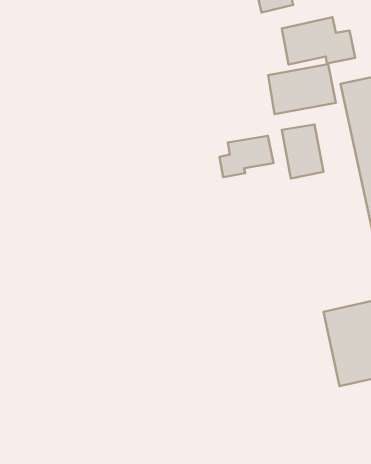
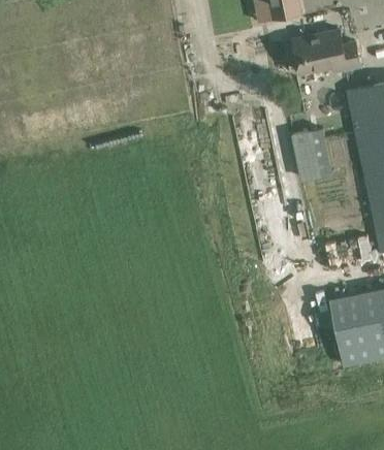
building: [268,64,336,114] -> none
building: [219,136,273,177] -> none

